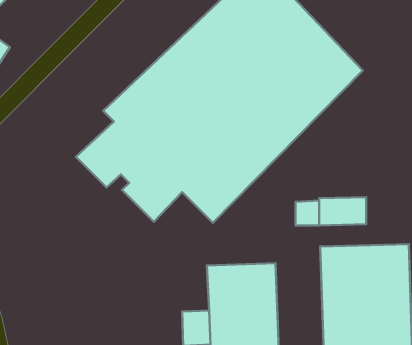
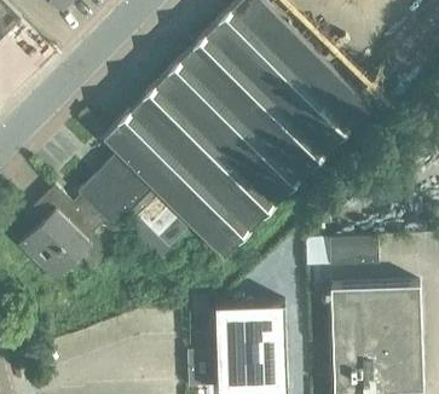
building: none -> [16,185,126,280]

